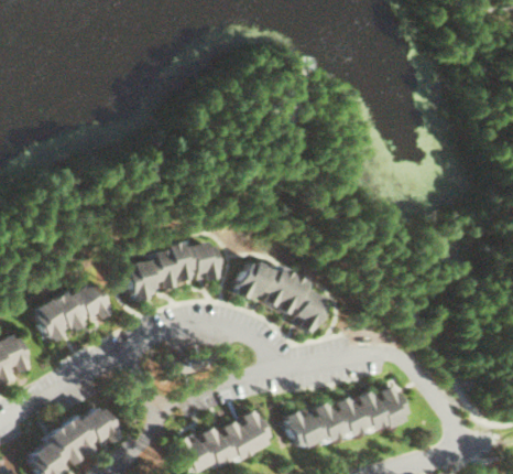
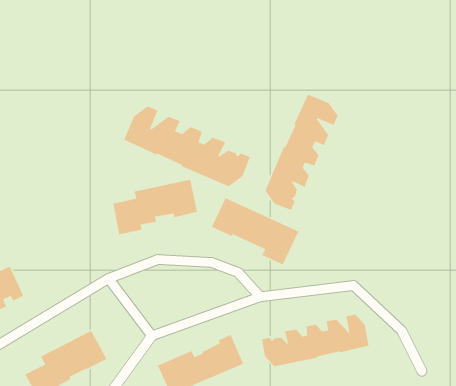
building: none -> [264,94,339,211]
building: none -> [123,105,251,187]
building: [33,281,108,341] -> none

